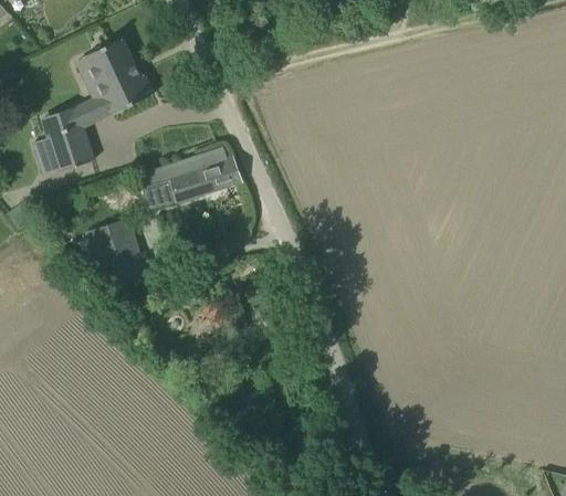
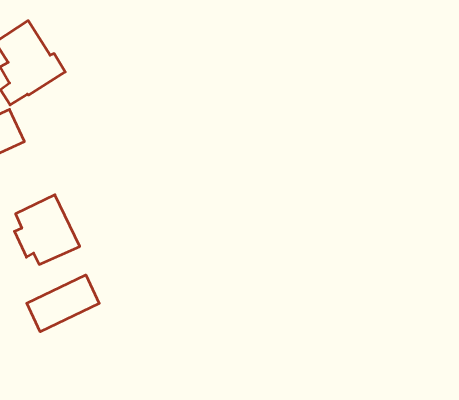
building: [138,147,241,210] -> none
building: none -> [27,275,99,332]

